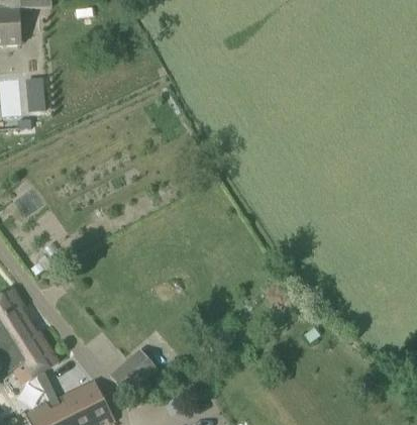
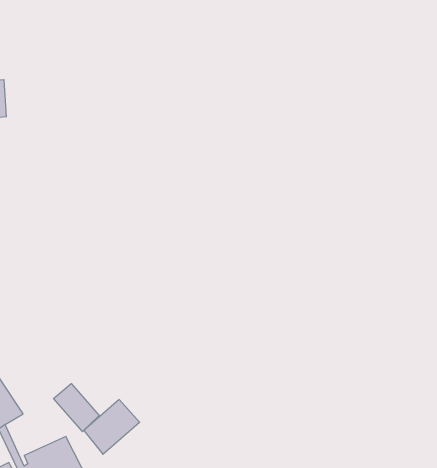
building: none -> [54,384,99,432]

